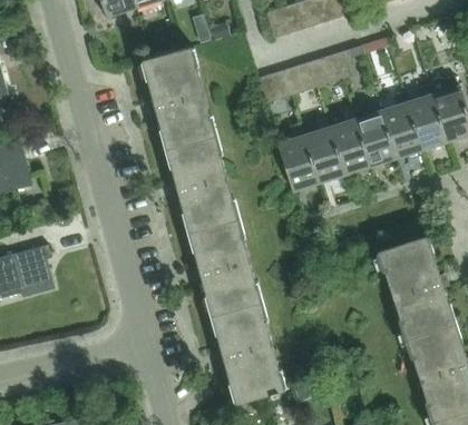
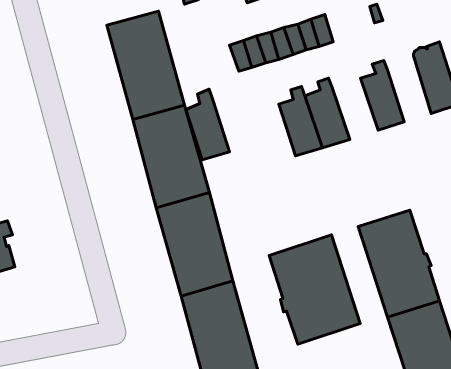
building: [406,85,447,151] -> none
building: [353,101,397,168] -> none
building: [277,125,319,191] -> [186,89,229,160]
building: none -> [269,235,360,344]

